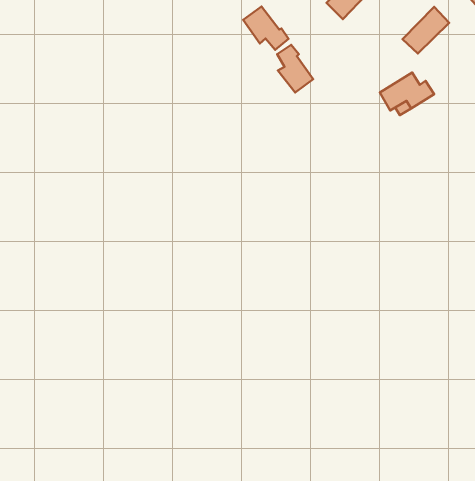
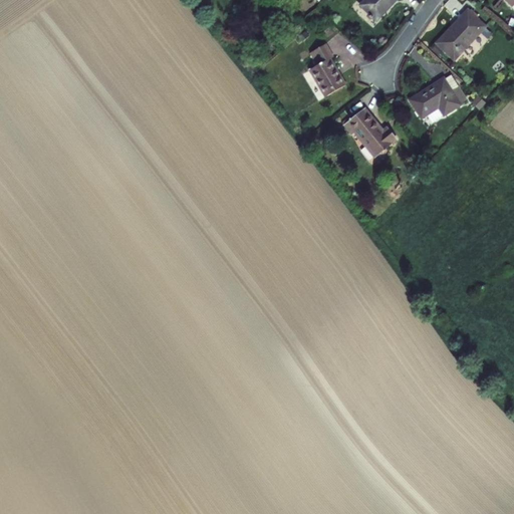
building: [243,7,289,50] -> none
building: none -> [341,108,397,158]

